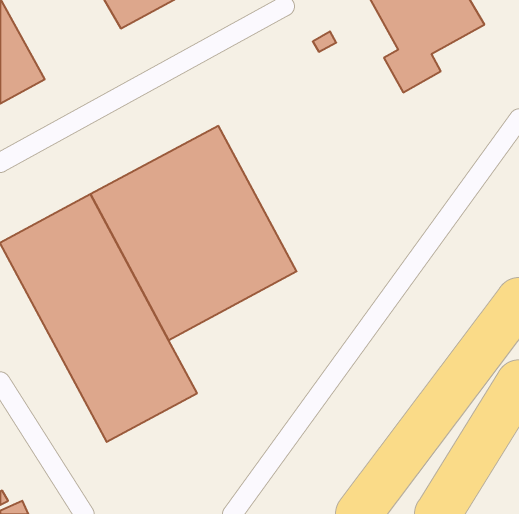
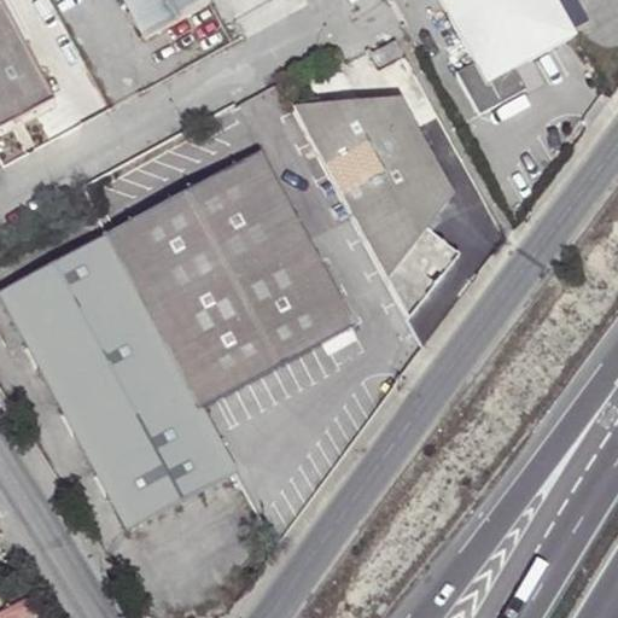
building: none -> [292,94,451,314]

